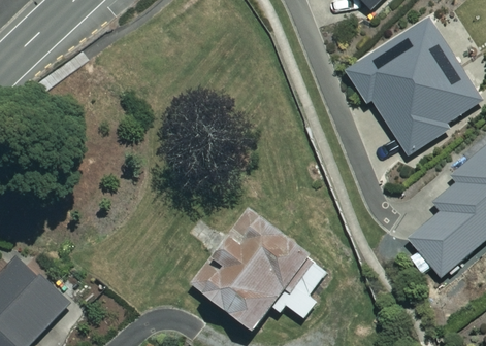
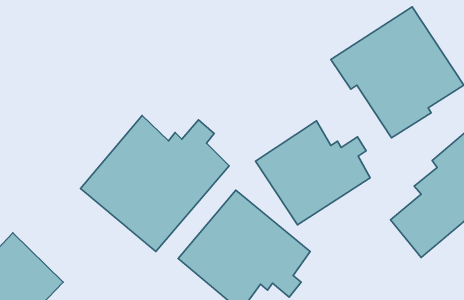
building: none -> [81,116,229,252]
building: none -> [255,121,370,225]

